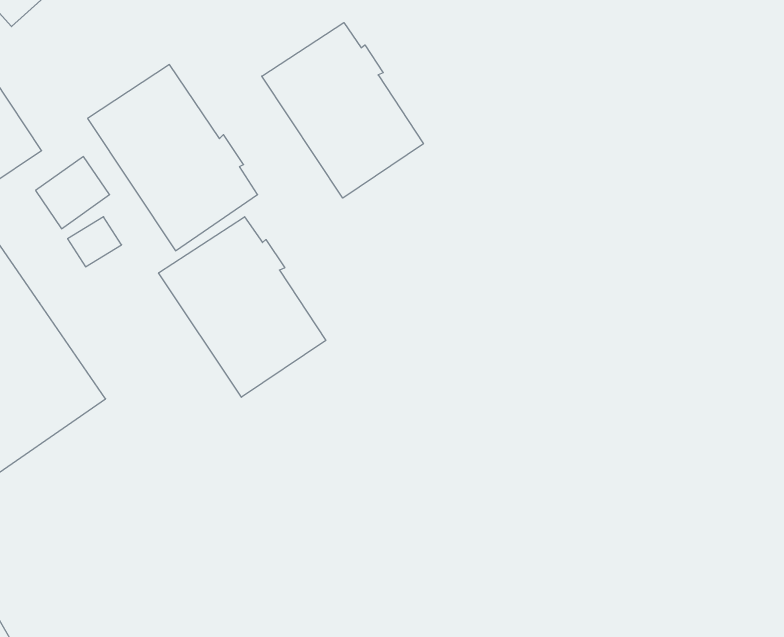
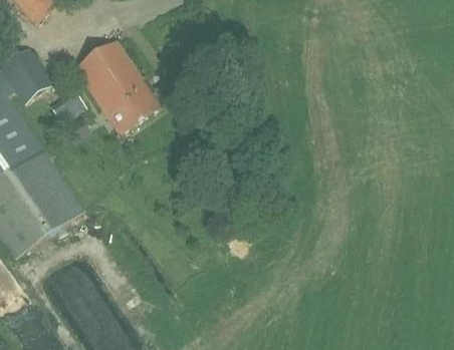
building: [262,23,423,198] -> none
building: [159,217,326,397] -> none

